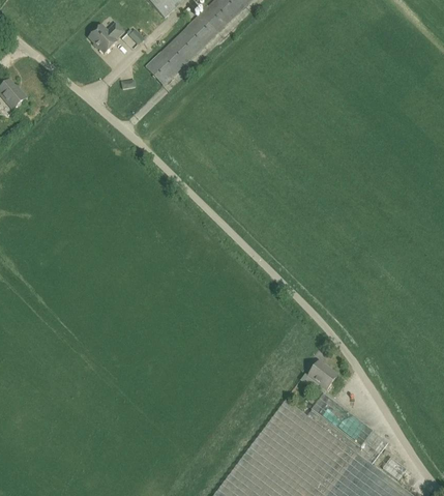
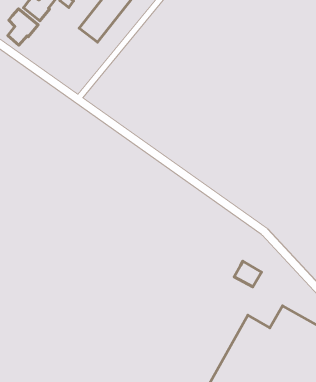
building: none -> [8,9,38,45]
building: [306,360,336,389] -> [234,261,262,287]

